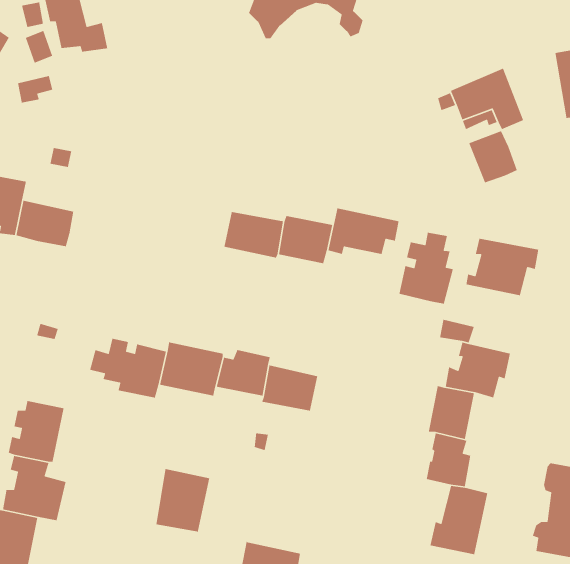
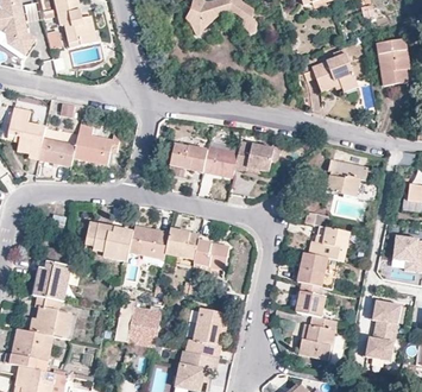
building: [468,130,518,183] -> none
building: none -> [73,121,120,163]
building: [399,232,454,304] -> none
building: none -> [184,306,228,358]

